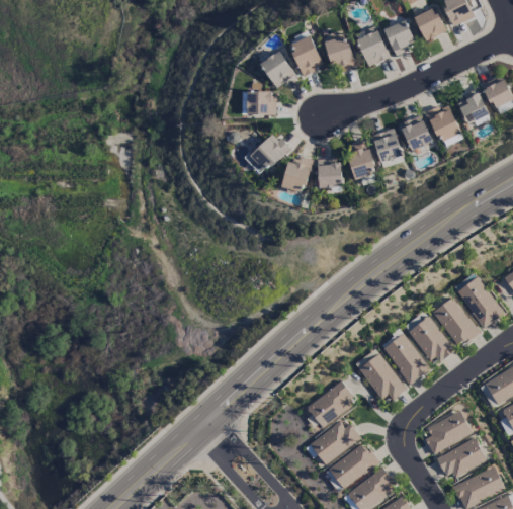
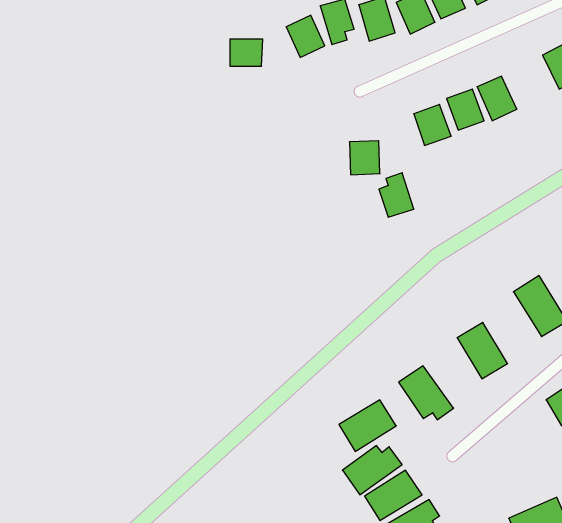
building: [456,90,490,126] -> none
building: [247,91,275,114] -> [230,39,263,66]
building: [246,132,288,176] -> none
building: [346,141,376,179] -> [379,173,414,217]
building: [282,157,311,192] -> none
building: [433,296,478,346] -> none
building: [383,333,429,385] -> none
building: [425,411,472,452] -> none
building: [436,438,487,477] -> none

